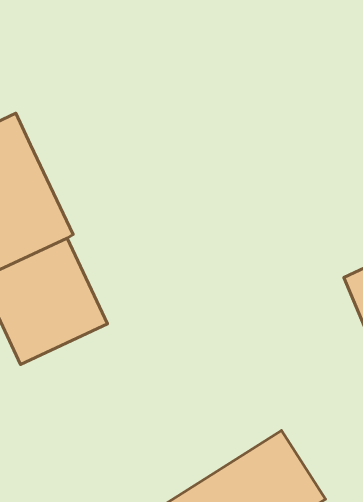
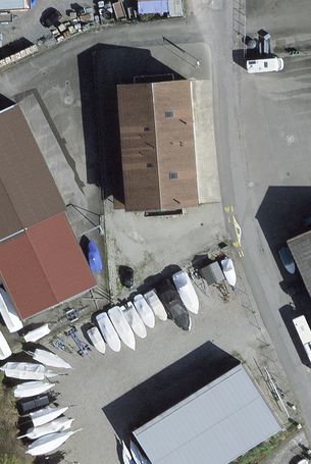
building: none -> [119,82,195,207]

